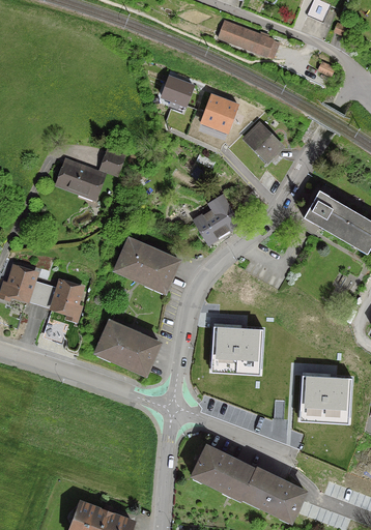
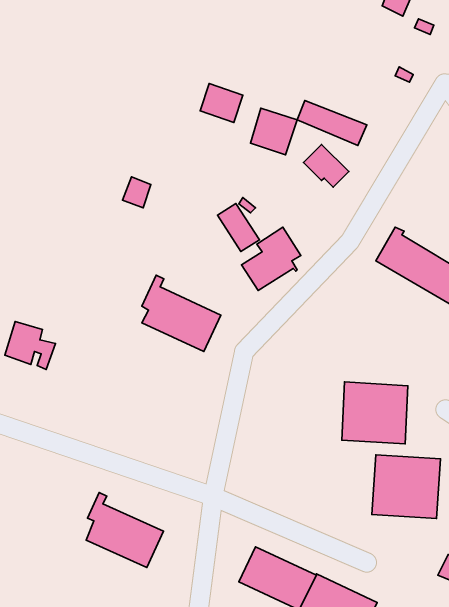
building: [217,18,273,54] -> [297,100,367,146]
building: [57,161,103,199] -> none
building: none -> [217,204,259,252]
building: [38,282,81,316] -> none
building: [96,313,159,373] -> [86,492,164,567]
building: [211,325,264,375] -> [342,382,408,444]

